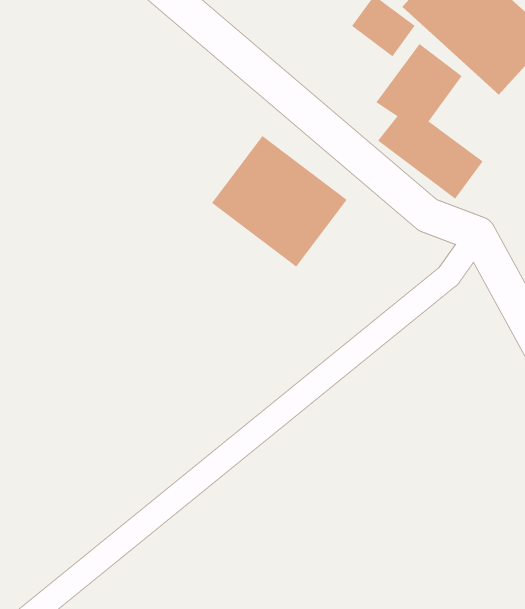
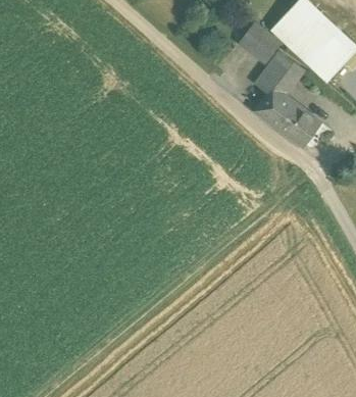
building: [211,135,348,267] -> none

